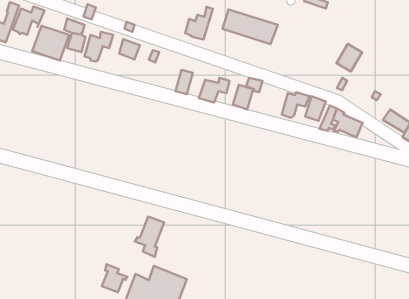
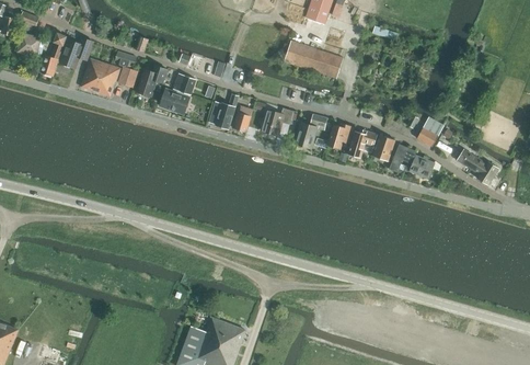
building: [185,7,213,39] -> [208,93,238,128]
building: [337,44,362,71] -> [416,116,443,146]
building: none -> [159,88,189,114]
building: none -> [326,123,353,148]
building: [135,217,164,257] -> none
building: [102,264,127,292] -> none

